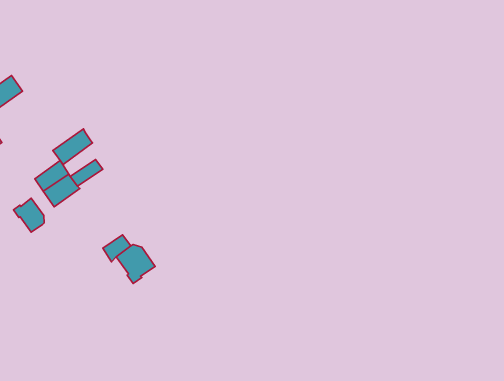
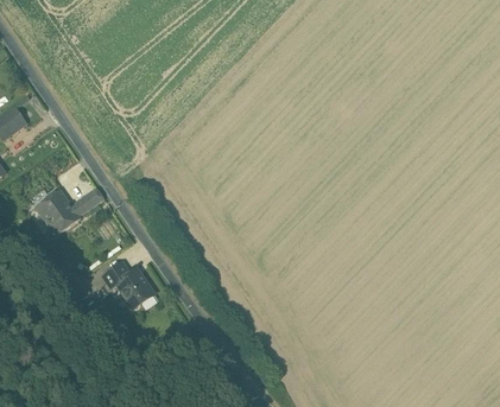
building: [53,129,93,164] -> none
building: [13,198,44,232] -> none

